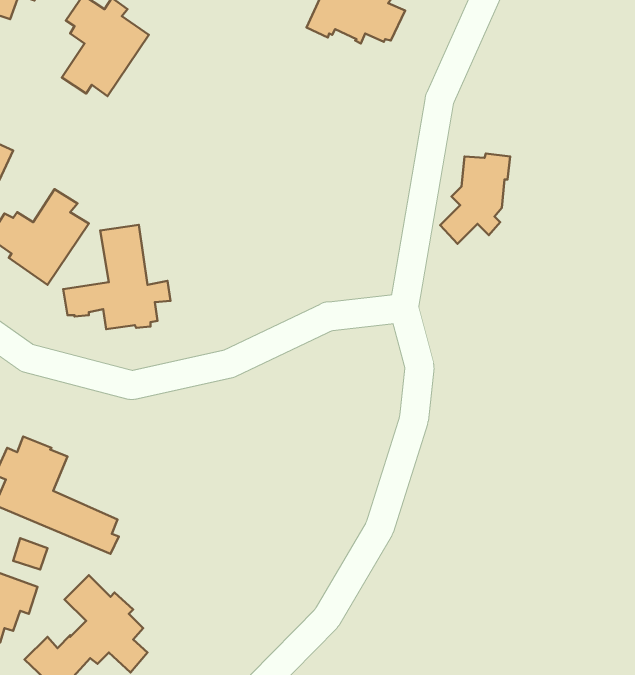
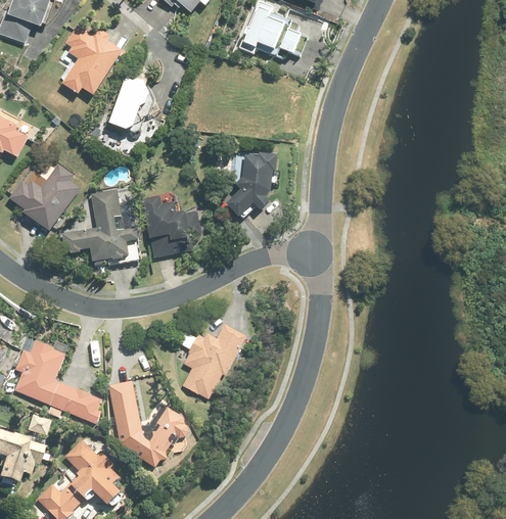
building: none -> [112,85,151,131]
building: [440,154,510,244] -> [228,153,278,218]
building: none -> [143,194,200,256]
building: none -> [178,322,245,397]
building: none -> [107,379,189,468]

